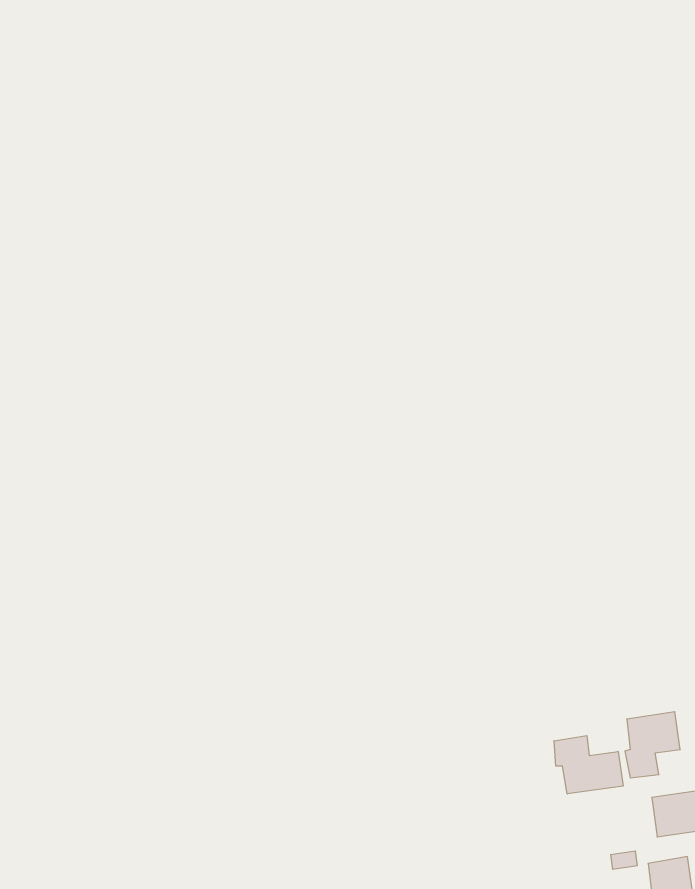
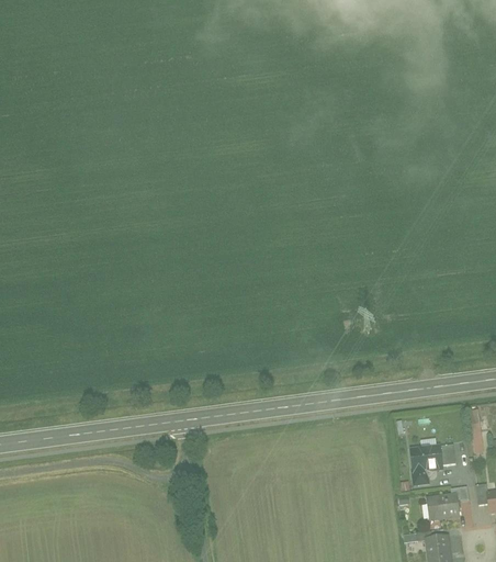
building: [554,736,623,794] -> none

